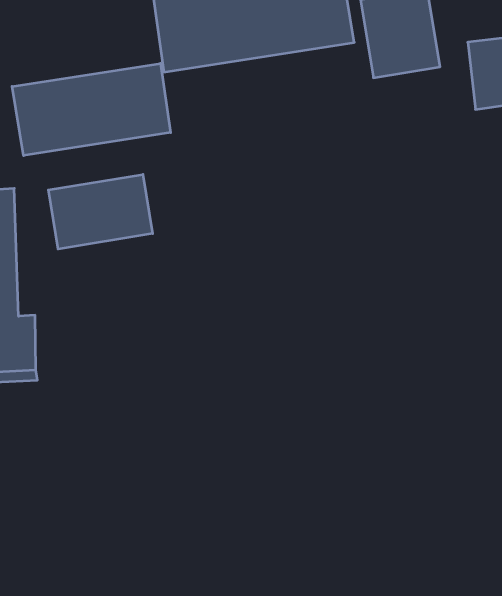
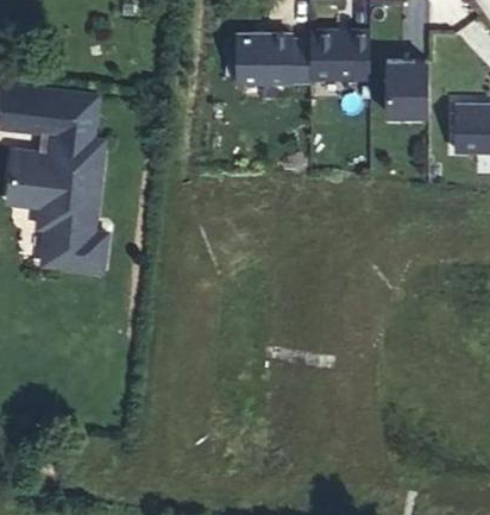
building: [12,63,171,156] -> none
building: [48,174,153,249] -> none

